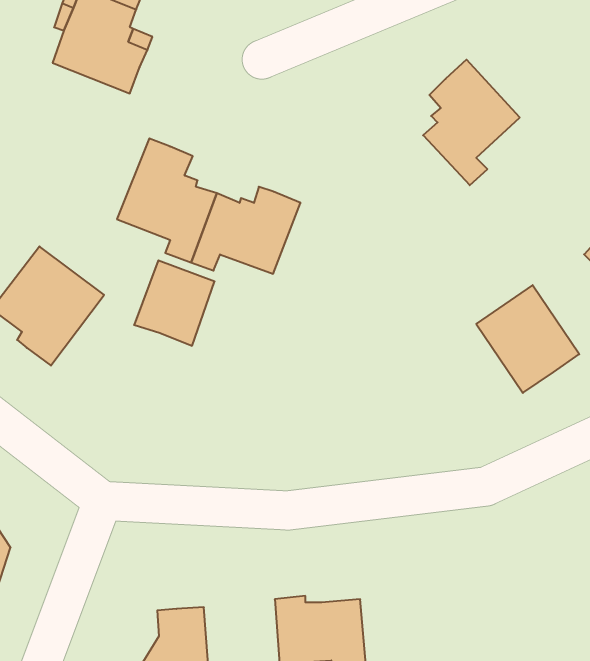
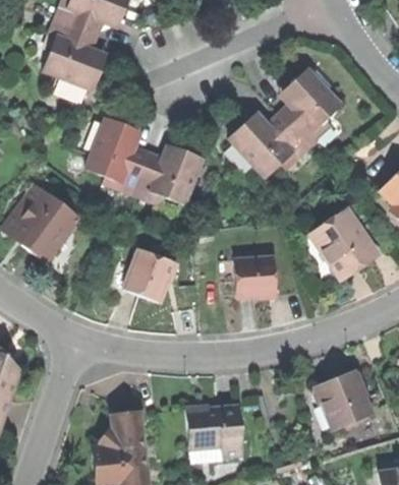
building: none -> [227,115,308,177]
building: [134,260,215,346] -> [124,249,175,303]
building: none -> [235,258,277,296]
building: none -> [311,371,372,428]

